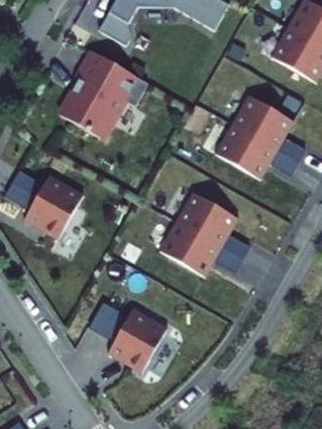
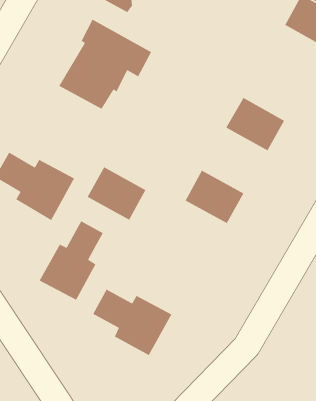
building: [234,94,291,145] -> none
building: [163,221,219,273] -> [87,166,147,221]
building: none -> [38,220,104,301]

